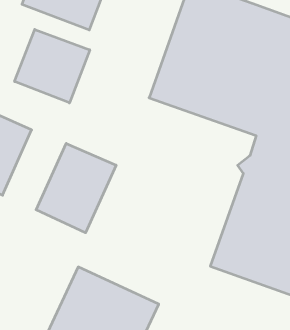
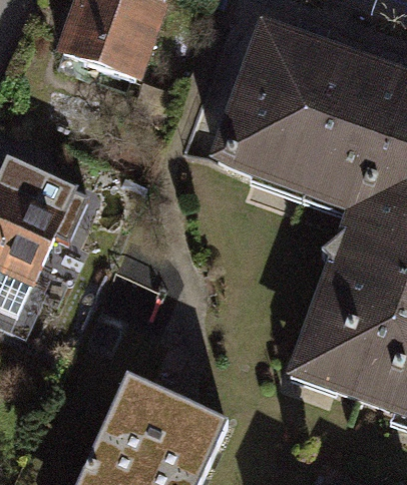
building: [15,29,90,103] -> none
building: [36,143,116,233] -> none

